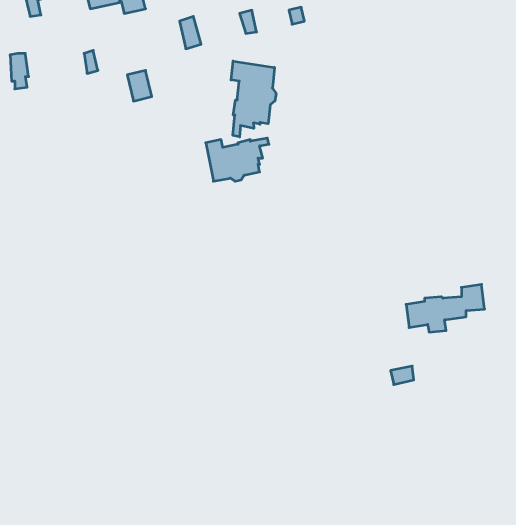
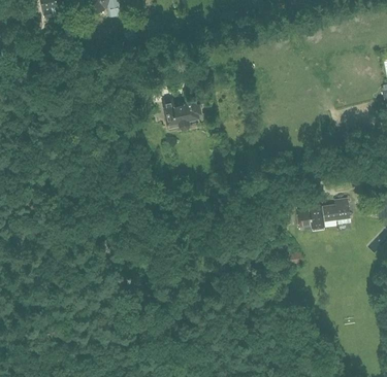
building: [231,61,276,137] -> none

